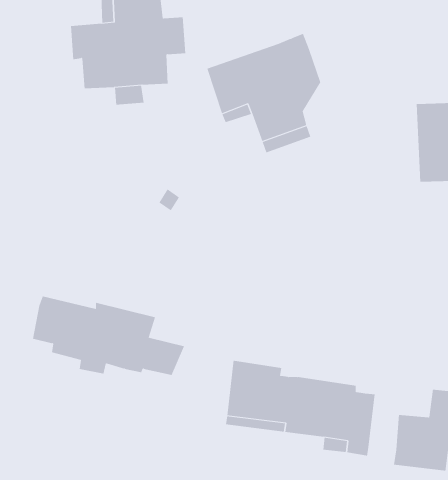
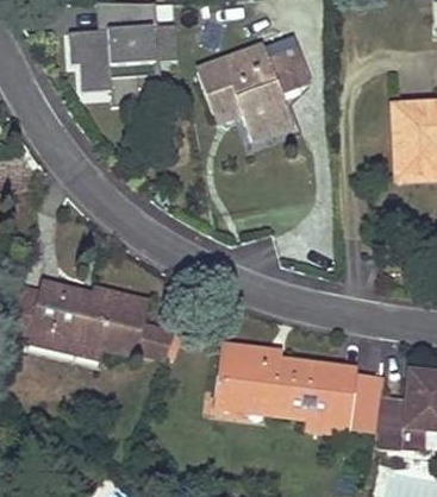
building: none -> [10,288,77,352]
building: none -> [350,375,380,428]

